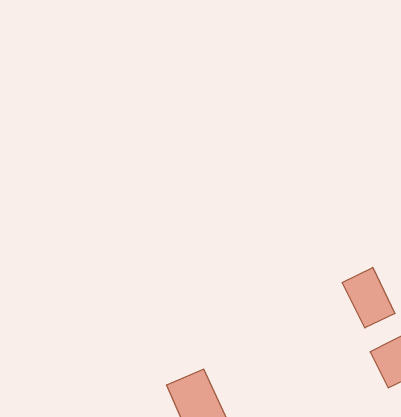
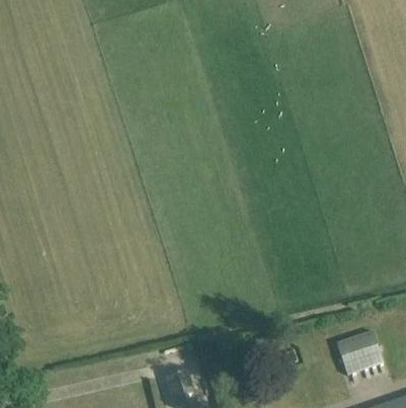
building: [342,267,395,328] -> none

